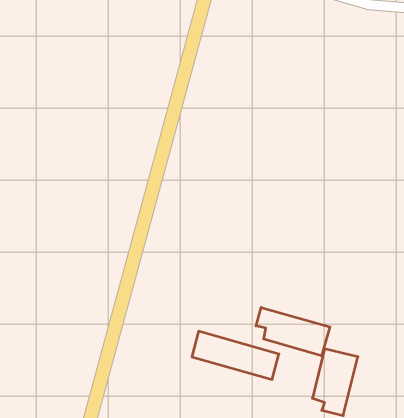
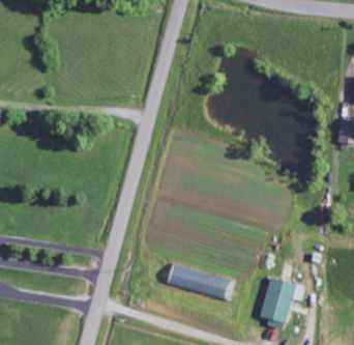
building: [256,307,330,356] -> none

